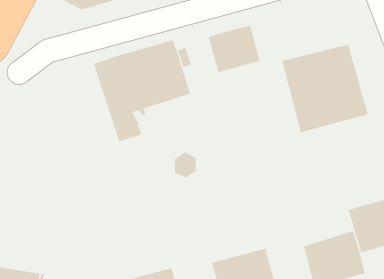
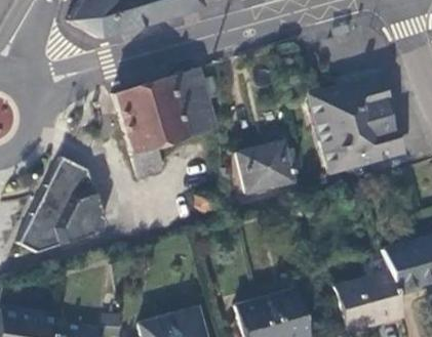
building: [208,25,261,73] -> [235,141,290,192]
building: none -> [19,156,107,249]

